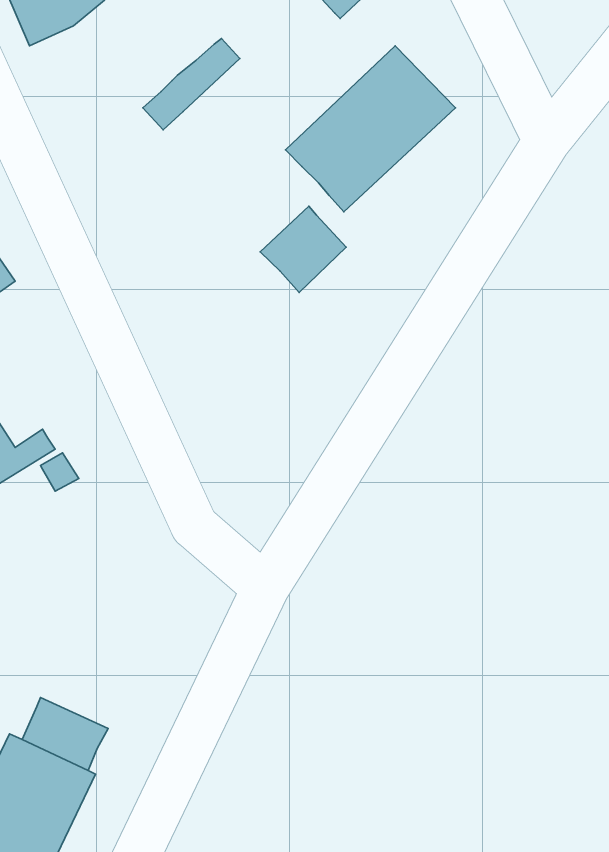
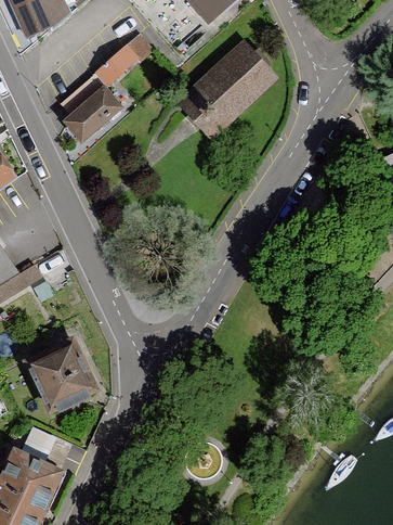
building: none -> [58,76,121,144]
building: [260,206,346,292] -> none
building: none -> [21,334,99,413]

